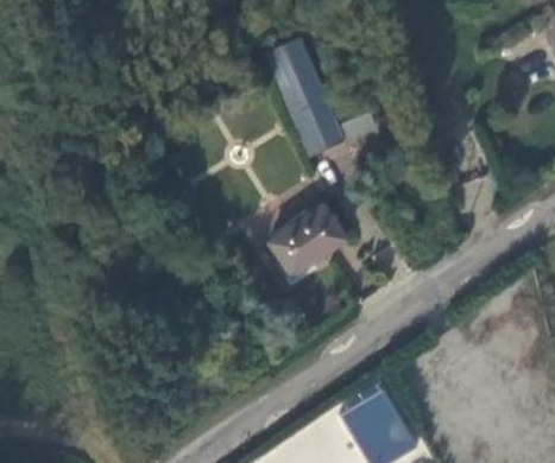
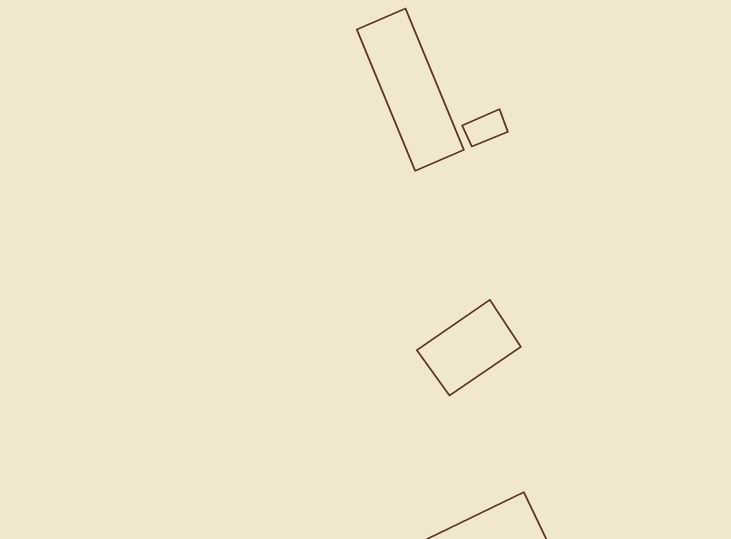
building: [270,208,346,278] -> [417,300,521,396]

